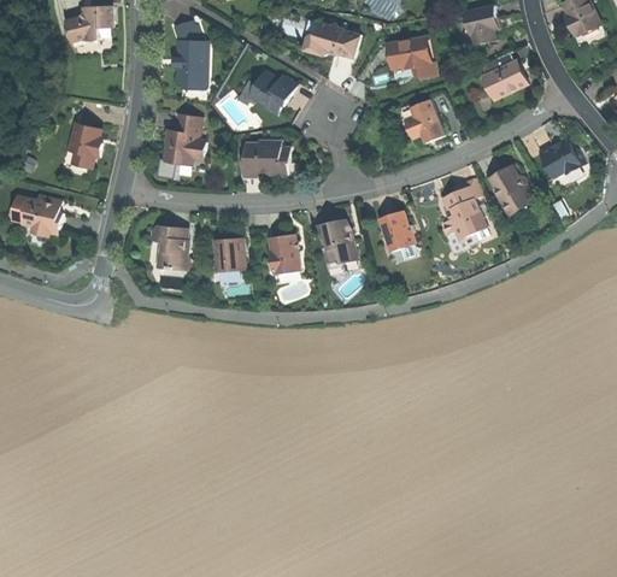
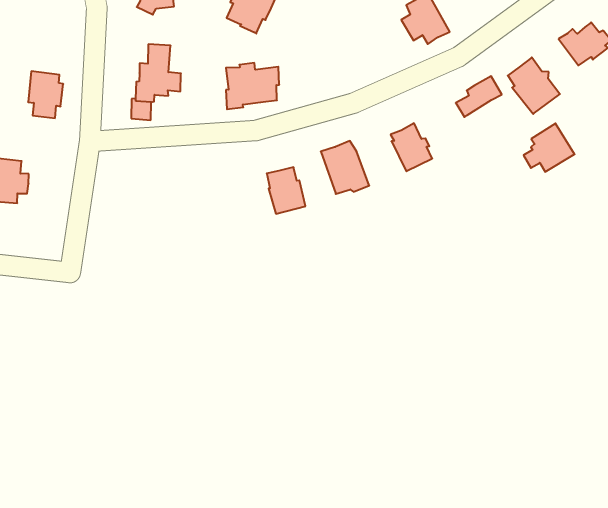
building: [441,198,486,239] -> [524,123,575,172]
building: [149,225,187,270] -> none
building: [215,239,243,271] -> none

